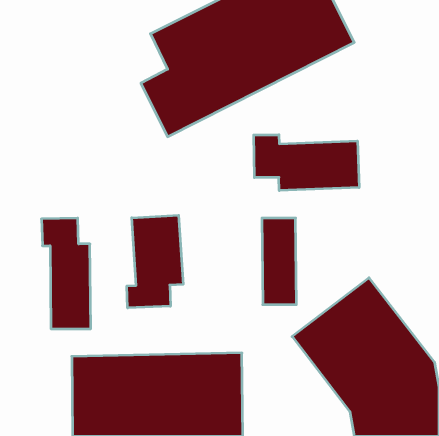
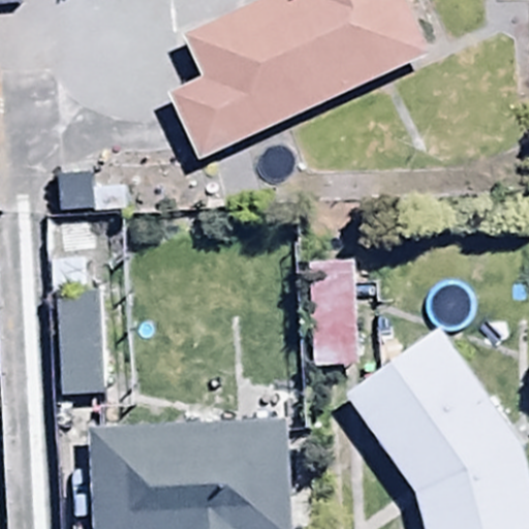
building: [254,135,359,191] -> none
building: [127,215,183,308] -> none

